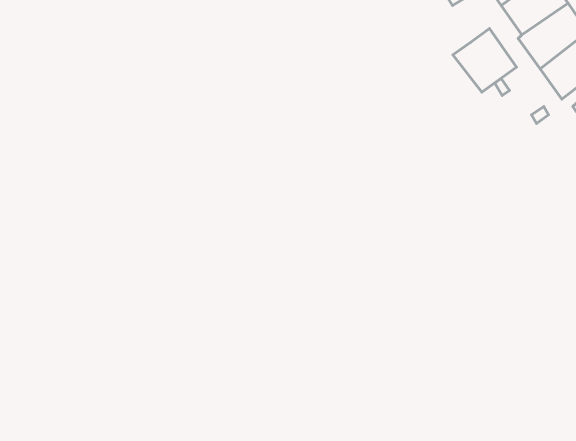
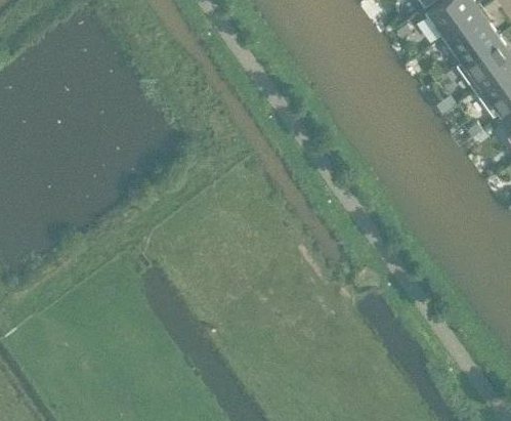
building: [453,29,517,92] -> none

